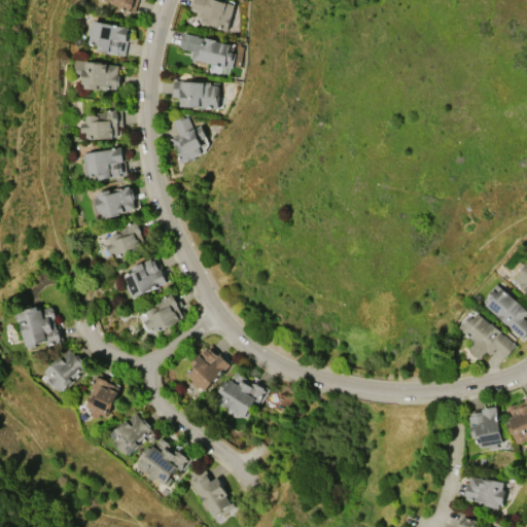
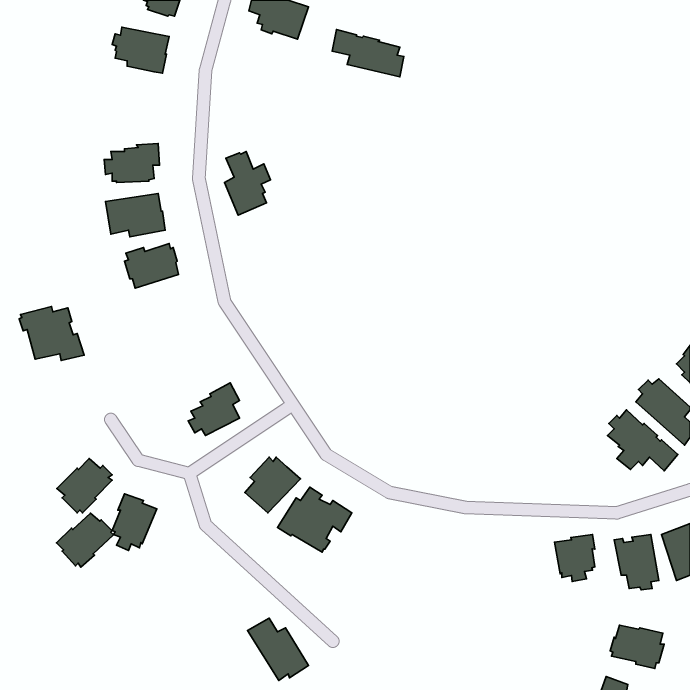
building: [179,33,234,69] -> [332,29,404,77]
building: [71,60,119,90] -> none
building: [172,81,219,109] -> none
building: [105,220,145,258] -> none
building: [124,257,166,298] -> none
building: [13,307,63,348] -> [19,307,84,361]
building: none -> [555,535,595,581]
building: [109,414,152,455] -> [57,513,113,567]
building: [134,438,190,488] -> none

